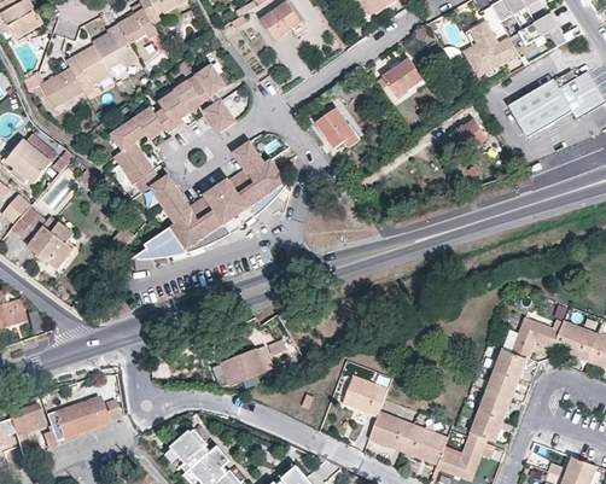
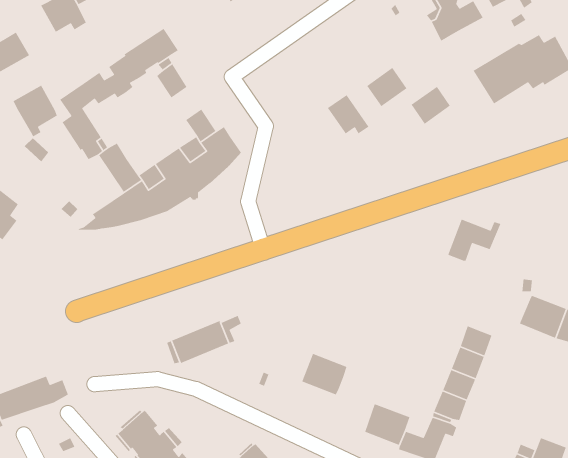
building: [66,45,110,95] -> [13,84,58,137]
building: [383,56,423,94] -> [366,67,408,107]
building: [316,106,357,145] -> [327,94,370,134]
building: [511,317,563,358] -> [447,219,501,261]
building: [369,412,413,451] -> none

